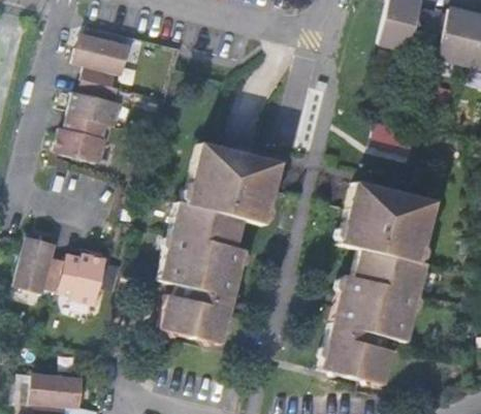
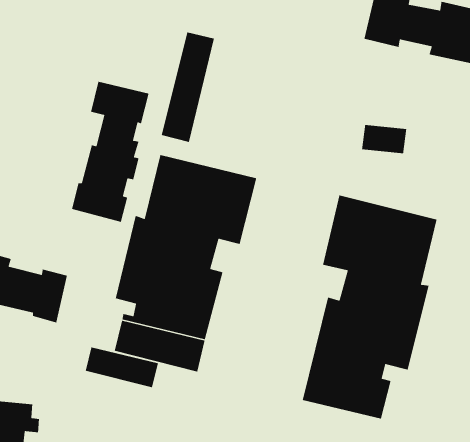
building: [55,32,127,163] -> [71,81,149,223]
building: none -> [161,31,215,143]
building: none -> [85,347,159,388]

